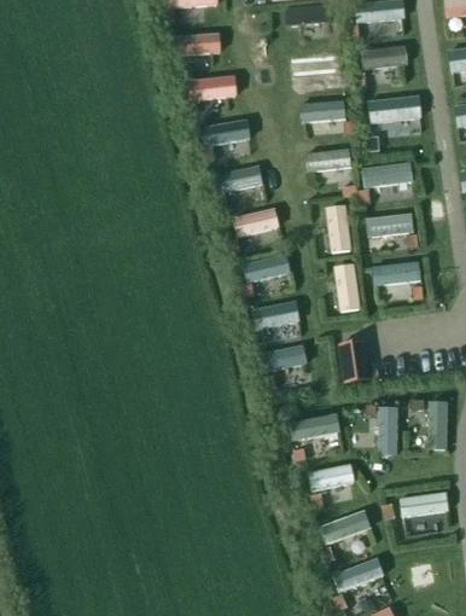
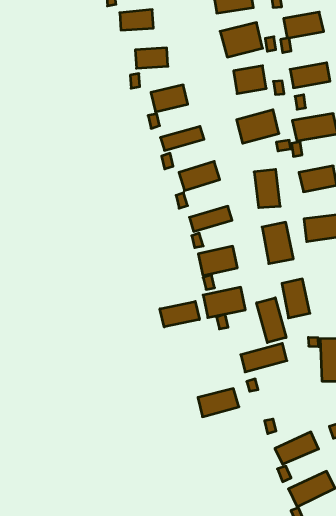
building: none -> [160,301,199,327]
building: none -> [257,298,286,343]
building: [310,463,355,492] -> [198,389,239,417]

